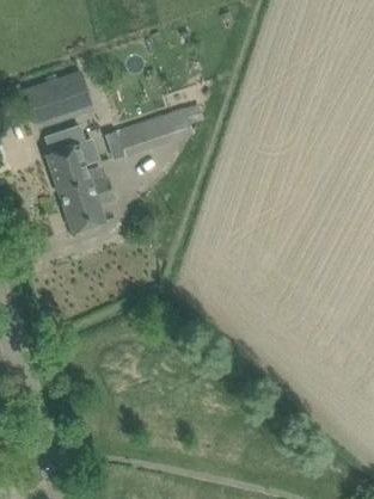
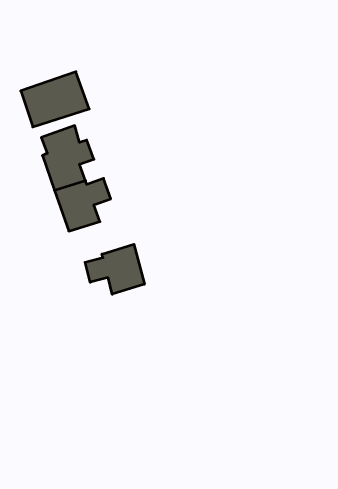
building: [116,104,203,154] -> none
building: none -> [85,244,144,294]

